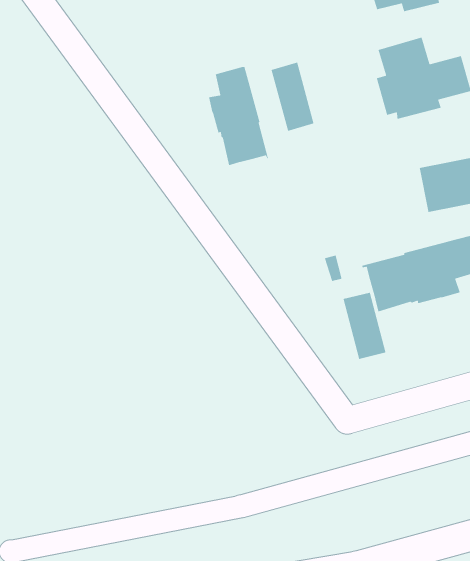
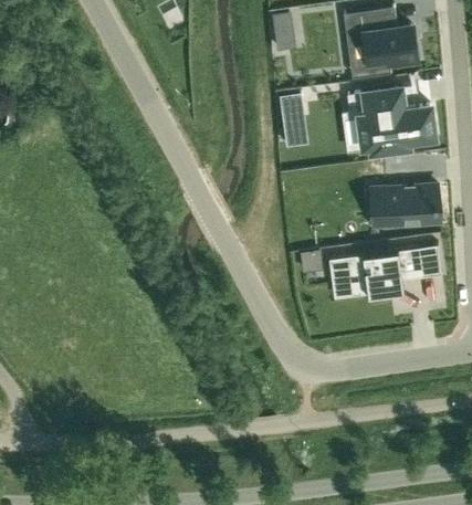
building: [208,66,269,166] -> none
building: [342,292,386,360] -> none

